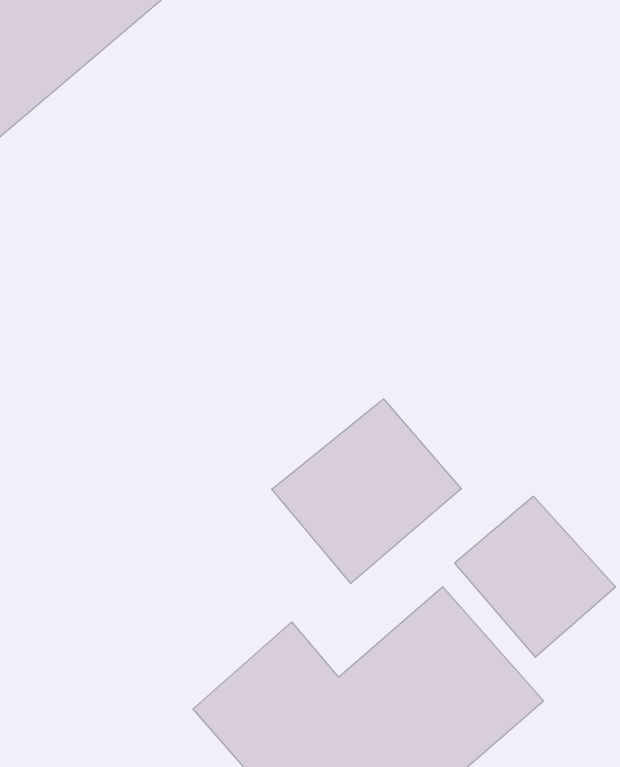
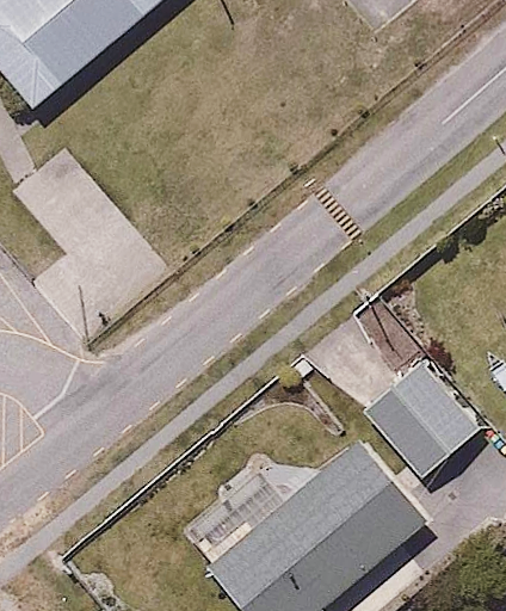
building: [272,399,461,583] -> none

